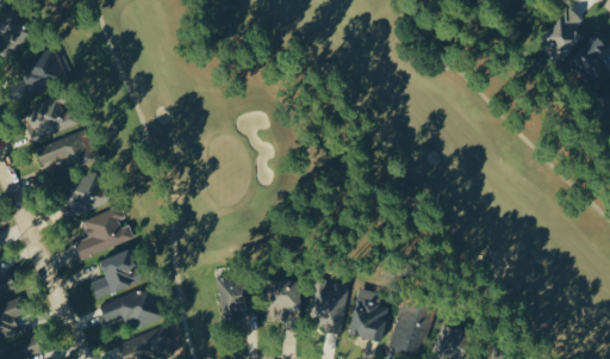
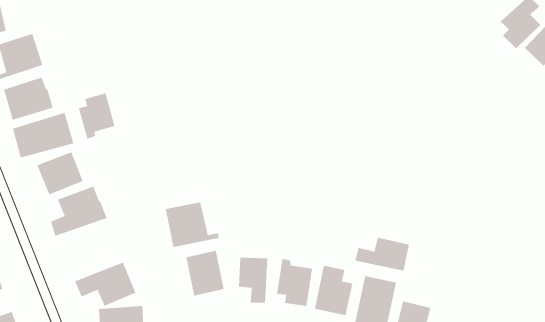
building: none -> [78,93,115,140]
building: none -> [165,201,219,248]
building: [89,252,138,298] -> none
building: none -> [355,237,410,271]

